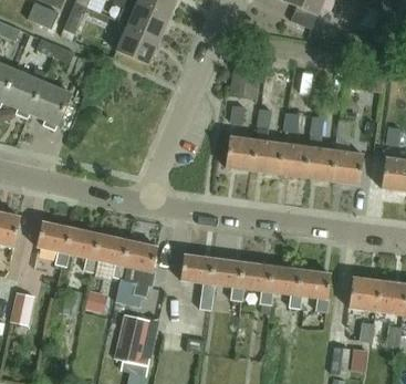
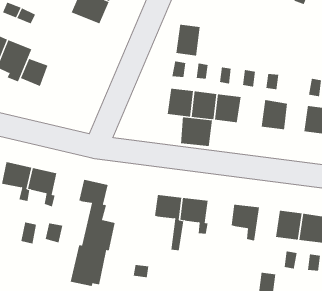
building: none -> [20,58,48,87]
building: [305,146,336,180] -> none
building: none -> [180,116,213,147]
building: [94,233,129,278] -> none
building: [180,253,214,309] -> none
building: [269,264,302,308] -> none

